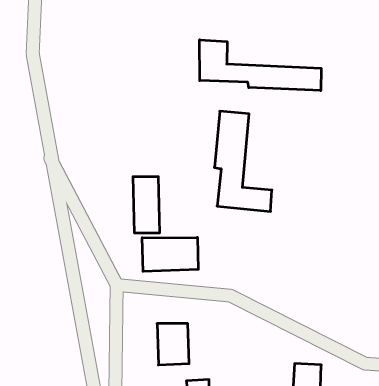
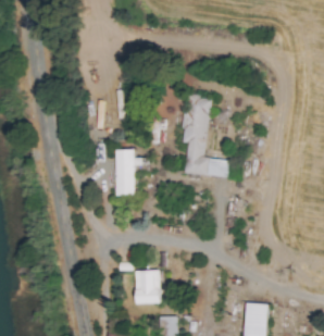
building: [200,40,321,91] -> none
building: [142,237,198,271] -> none

